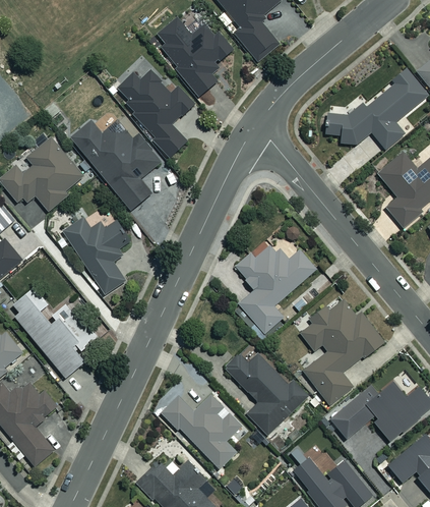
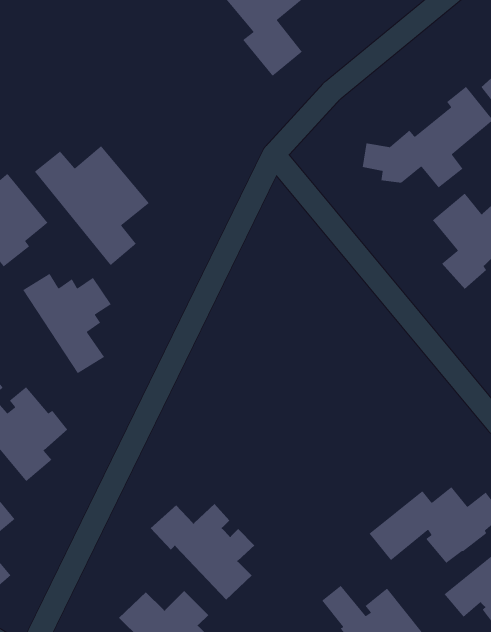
building: [158,18,236,96] -> none
building: [117,70,195,156] -> none
building: [235,245,317,333] -> none
building: [300,299,383,404] -> none
building: [225,352,308,435] -> none

